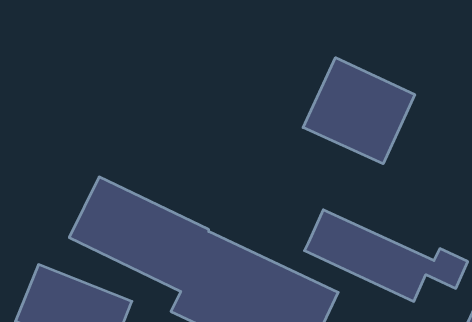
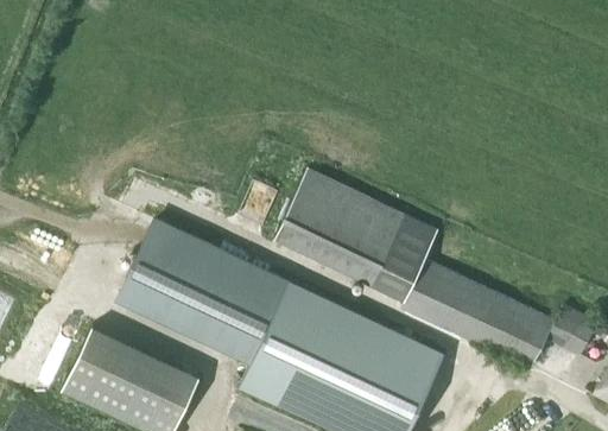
building: [303,58,415,164] -> none
building: none -> [274,170,438,299]

